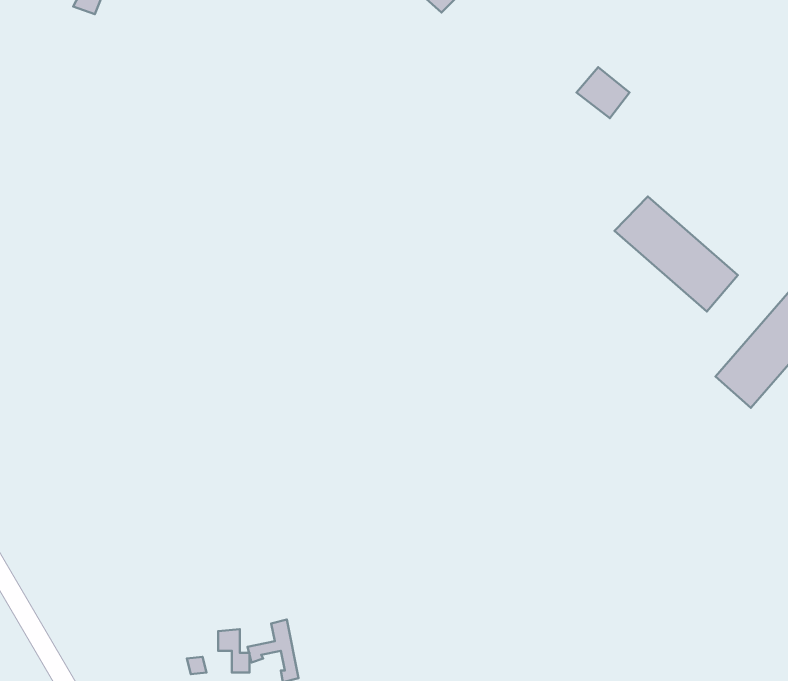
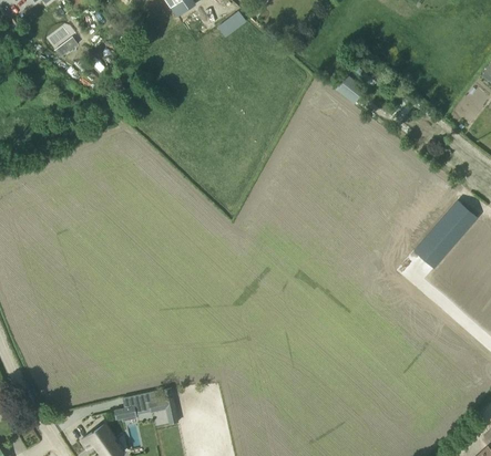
building: [615,196,738,311] -> none

